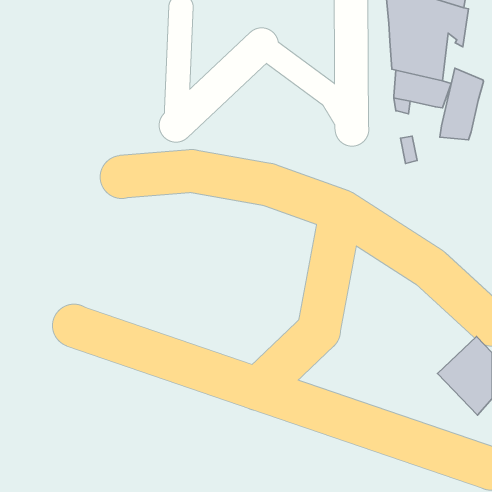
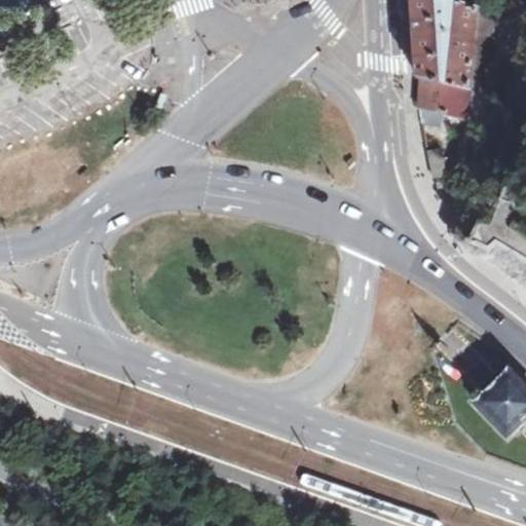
building: [440,68,483,140] -> none

